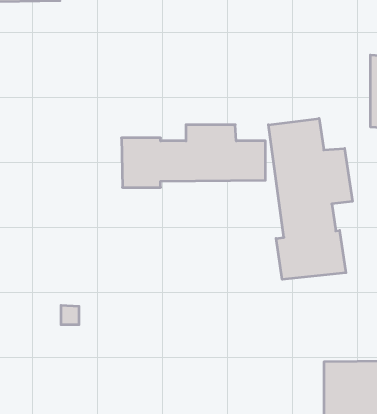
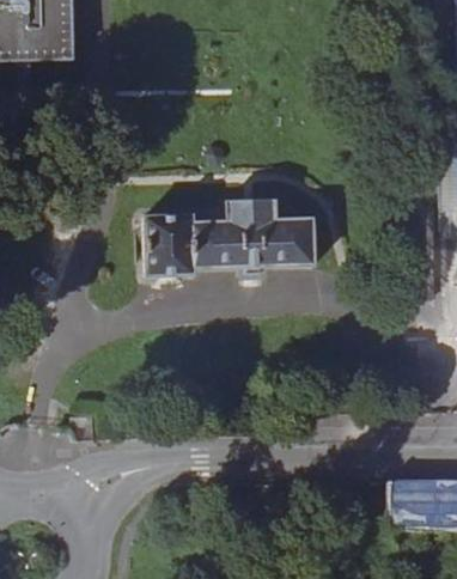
building: [268,118,352,279] -> none

